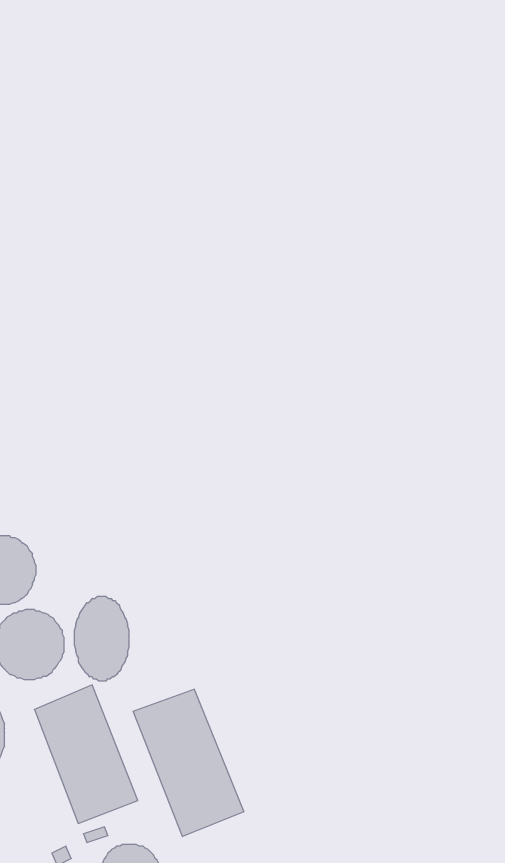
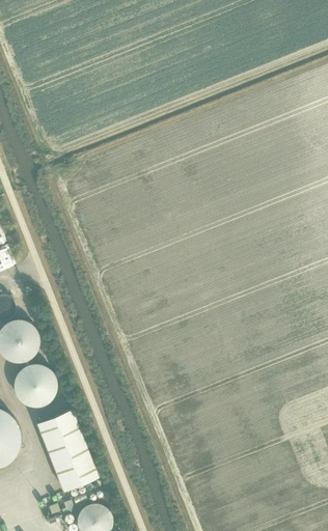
building: [75,596,129,681] -> none
building: [133,689,244,837] -> none

